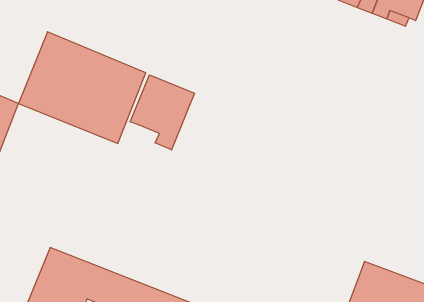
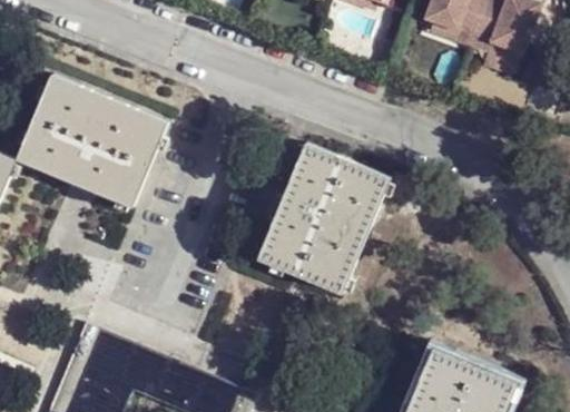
building: [130,75,194,150] -> none
building: none -> [271,134,403,284]

